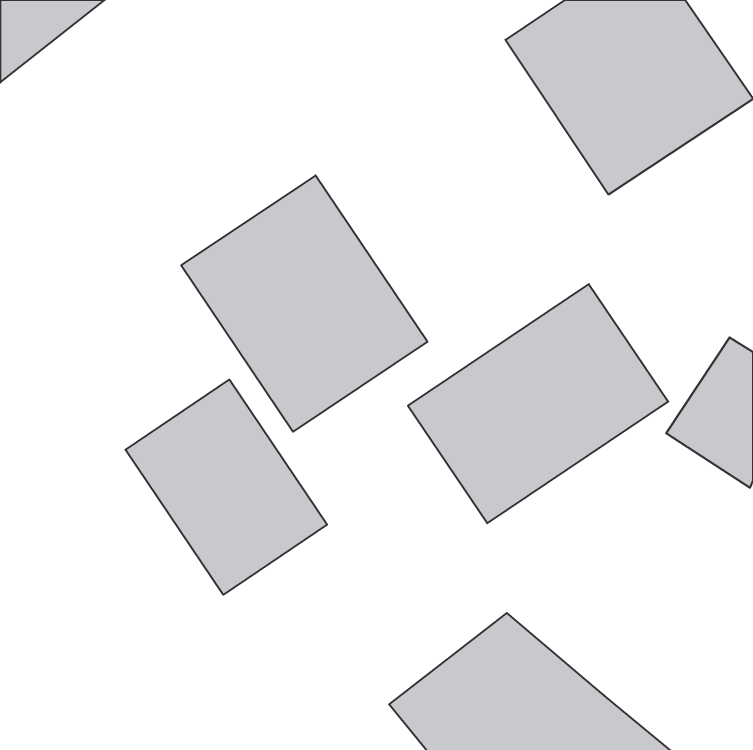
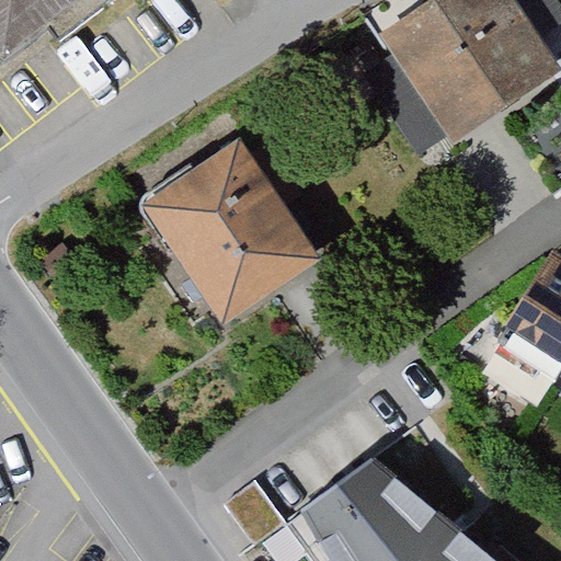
building: [408,284,668,523] -> none
building: [125,380,327,595] -> none

